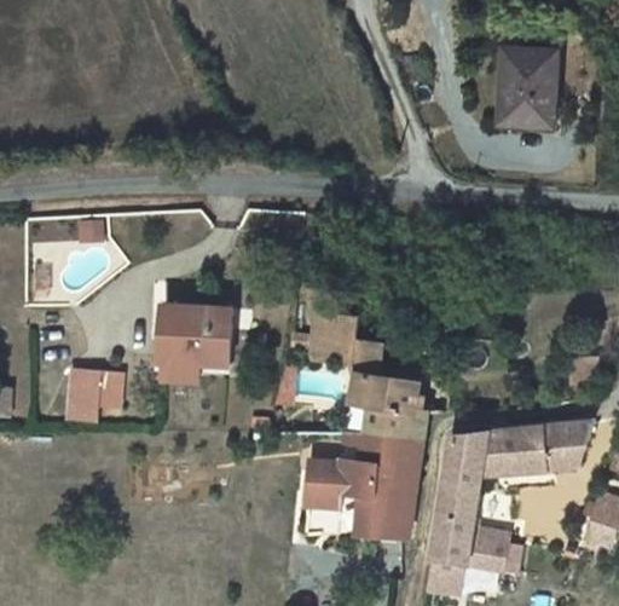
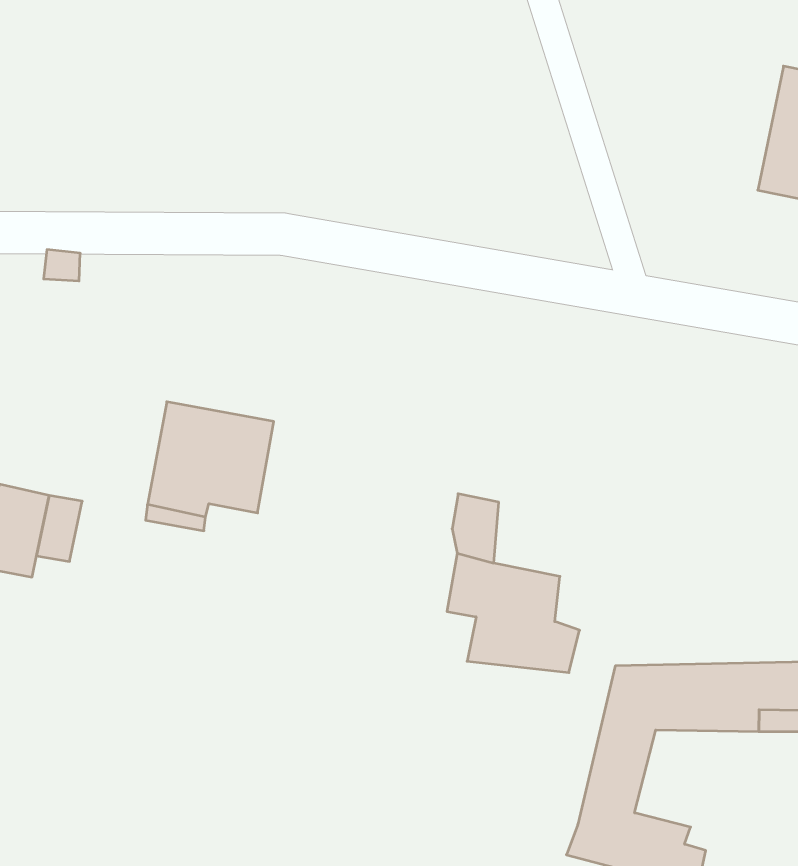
building: [301,311,347,363] -> none
building: [308,443,424,538] -> none

